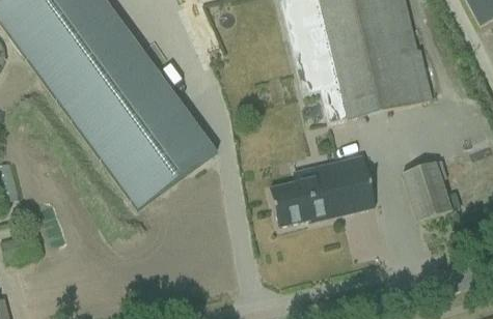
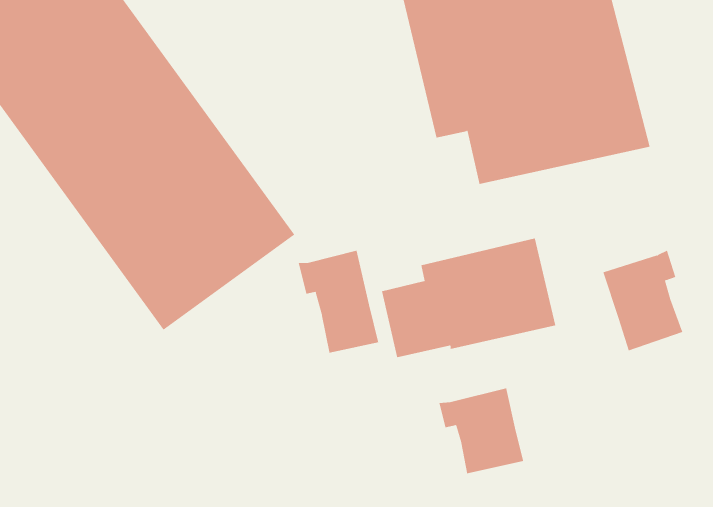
building: none -> [298,250,379,354]
building: none -> [439,388,524,474]

